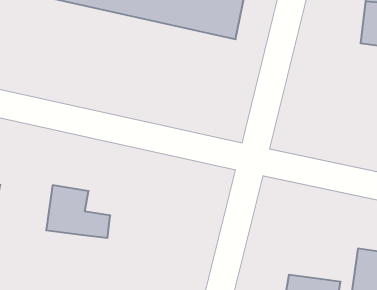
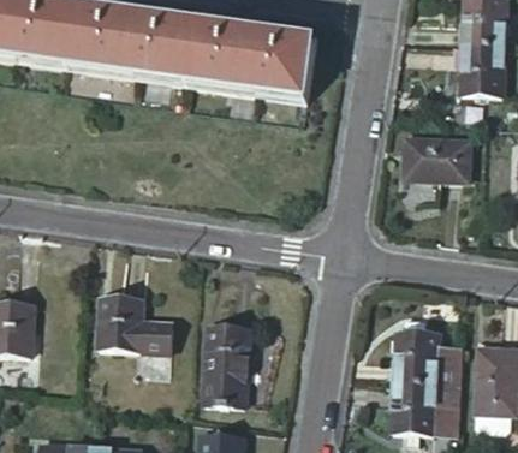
building: none -> [405,137,469,178]
building: none -> [397,318,463,383]
building: none -> [204,336,251,391]

